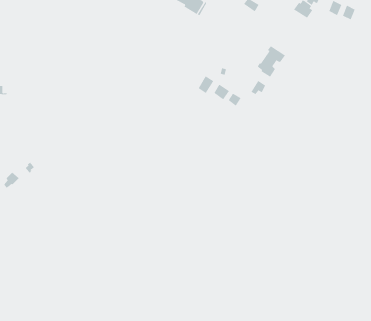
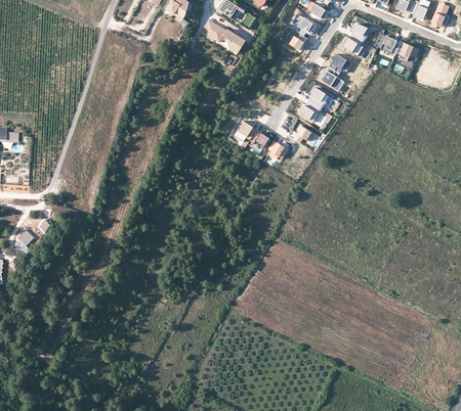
building: none -> [321,53,352,90]

